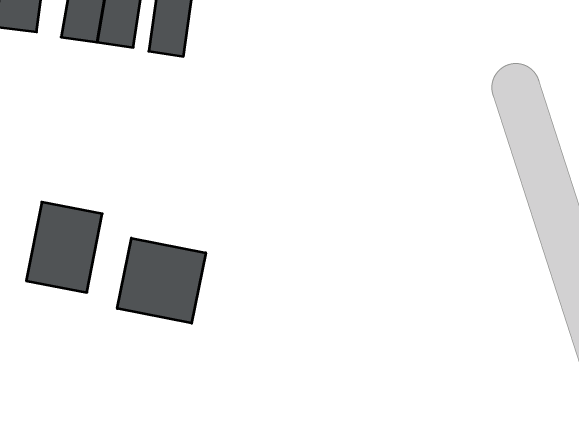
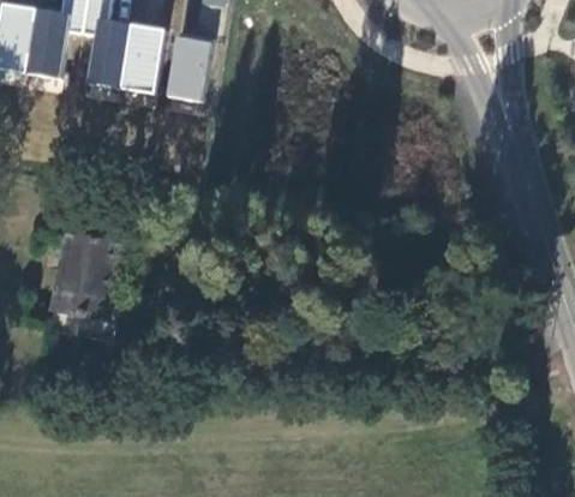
building: [117,238,206,323] -> none

